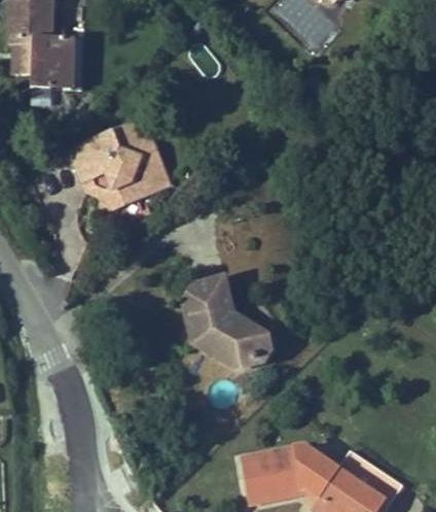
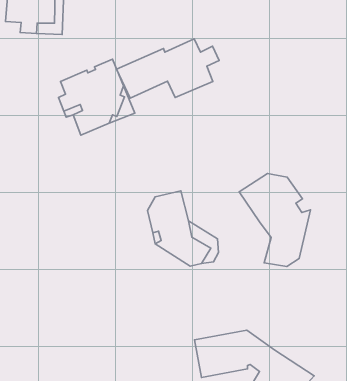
building: none -> [117,39,219,98]
building: none -> [239,173,310,266]
building: [337,450,397,501] -> none

